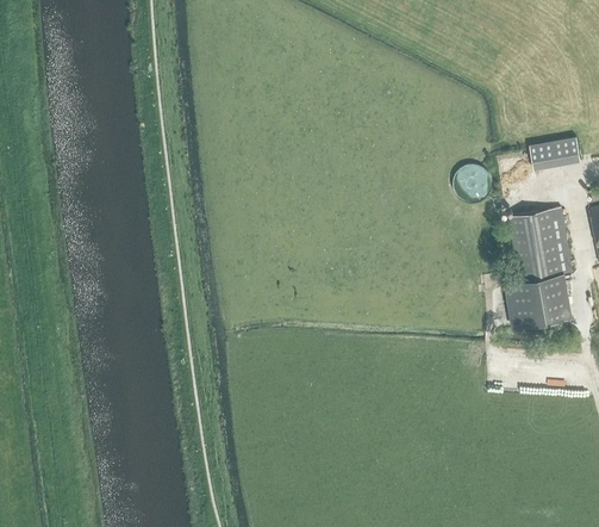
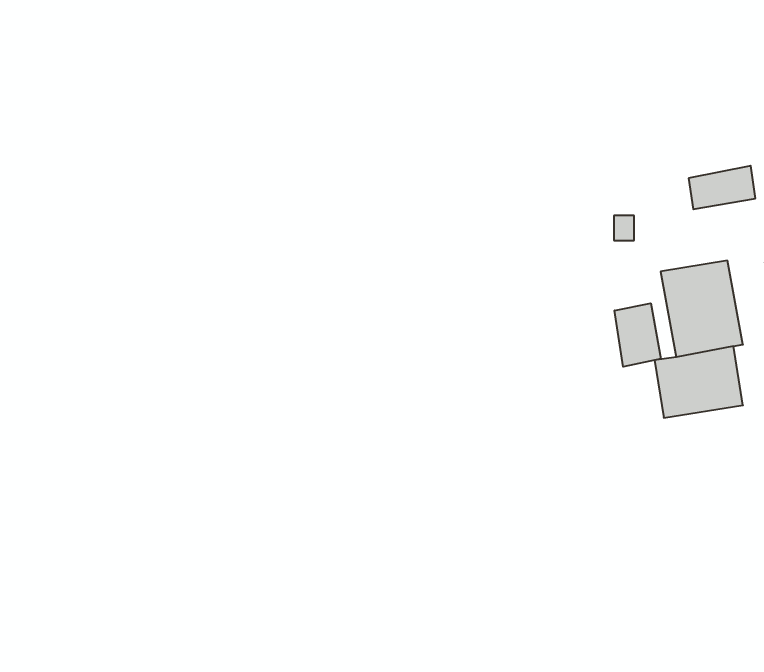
building: none -> [615,303,661,367]

